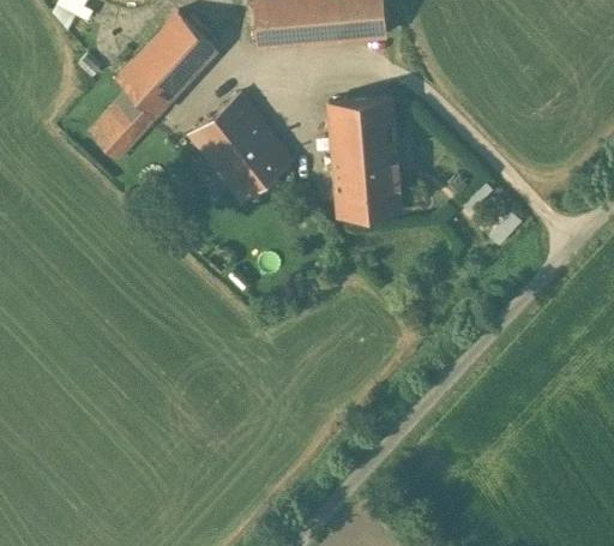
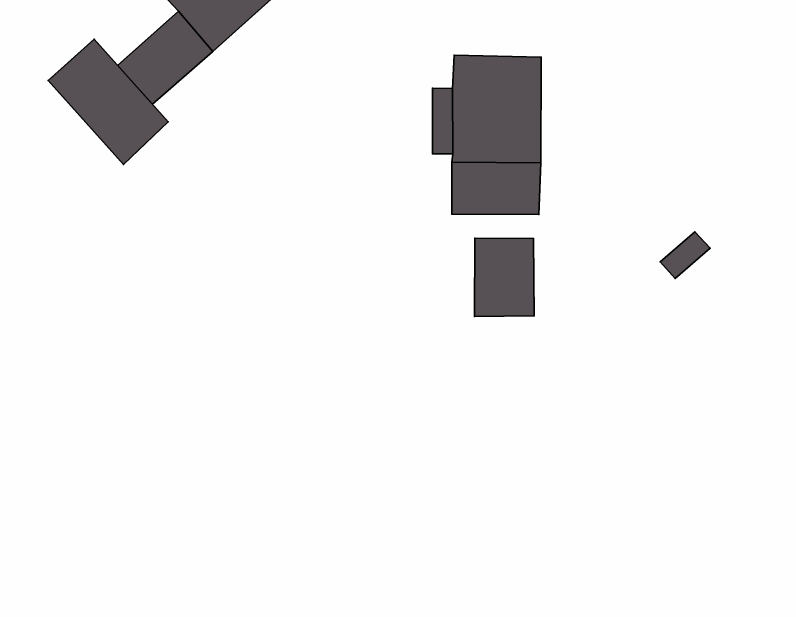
building: [189,95,291,202] -> none
building: none -> [48,39,168,165]
building: none -> [475,238,534,317]

